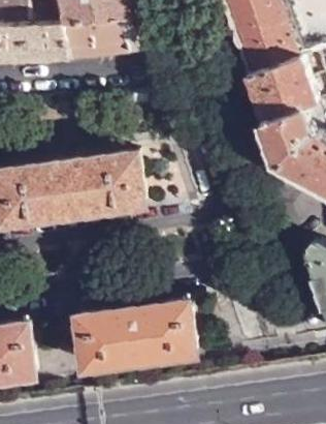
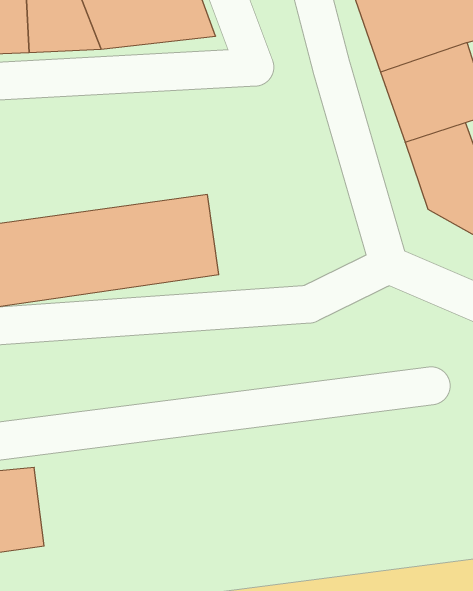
building: [82,303,197,367] -> none

